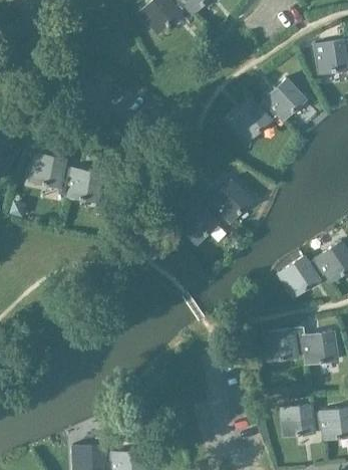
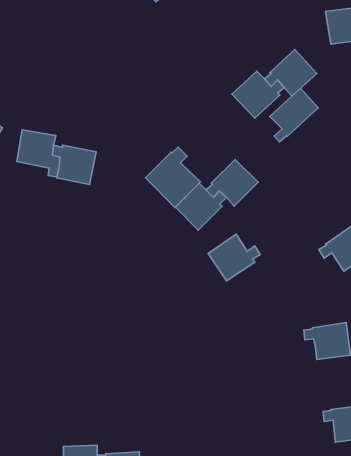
building: none -> [270,88,318,142]
building: none -> [145,147,201,208]
building: [278,254,326,297] -> [208,234,260,281]
building: [263,327,306,362] -> none
building: [281,403,324,441] -> none

